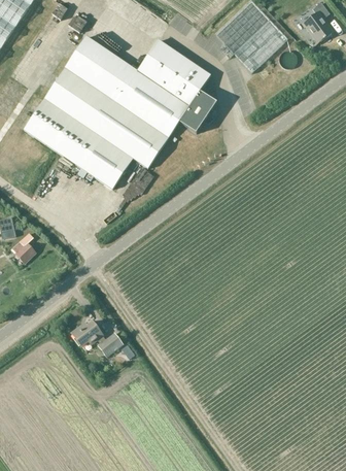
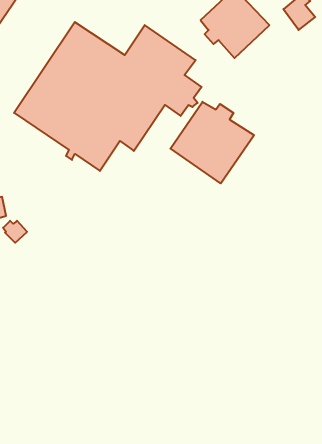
building: none -> [170,102,254,183]
building: [71,322,123,357] -> none

